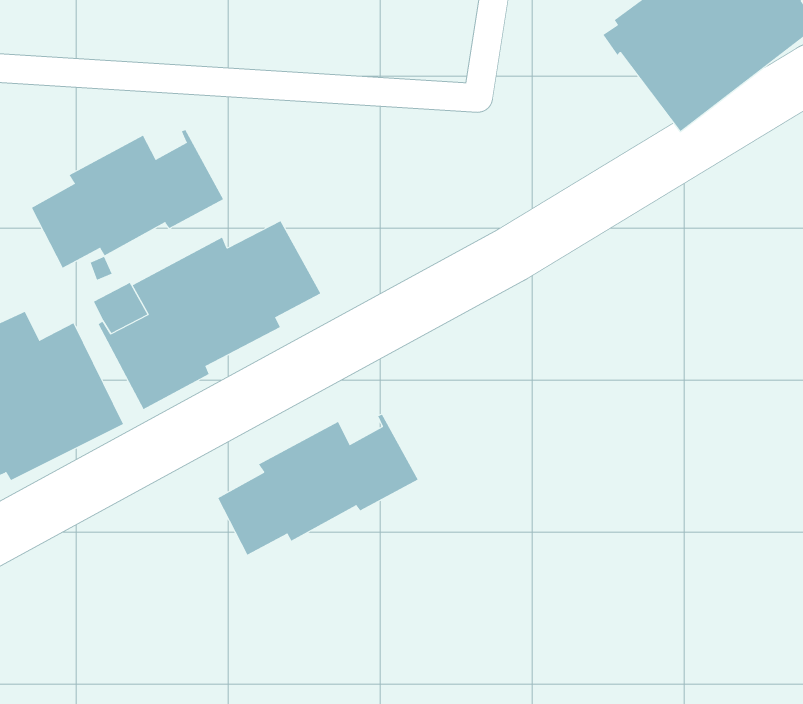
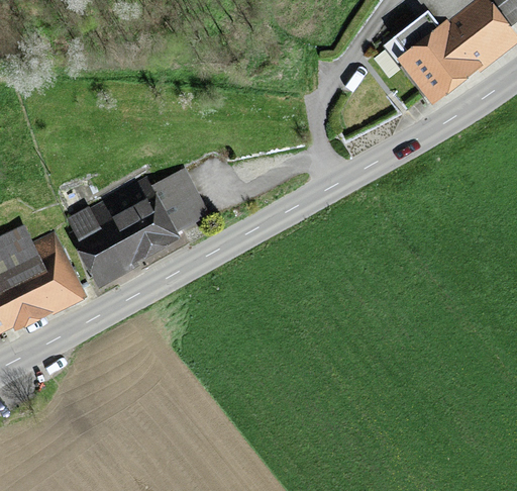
building: [31,129,224,268] -> none
building: [217,414,418,555] -> none

